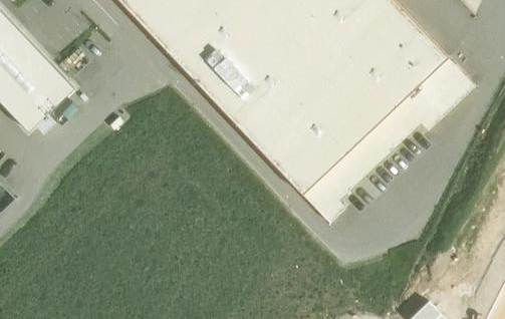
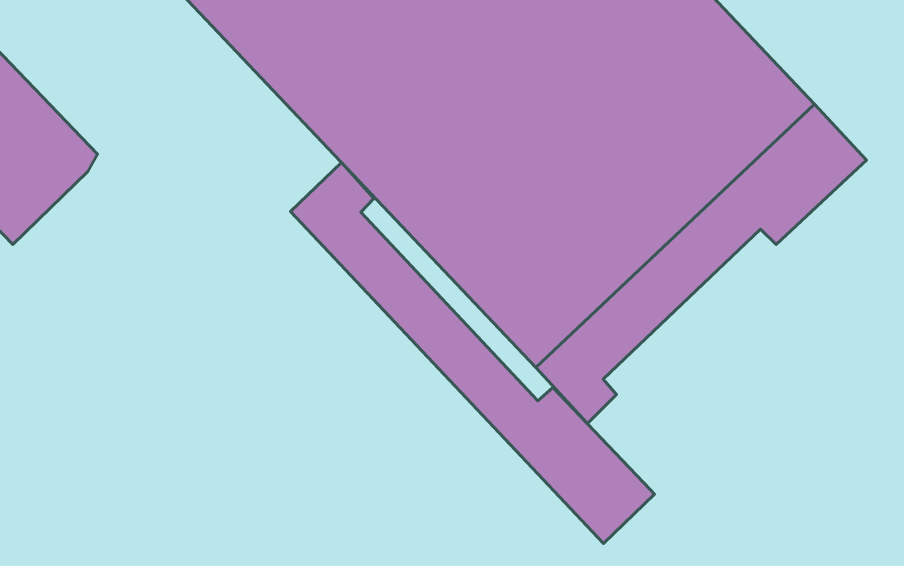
building: none -> [290,163,654,543]

